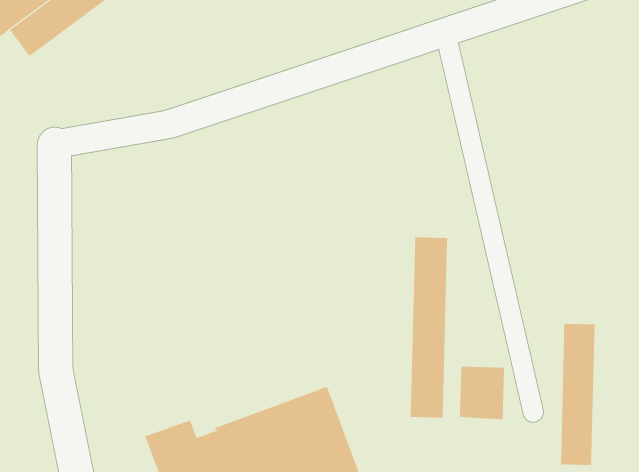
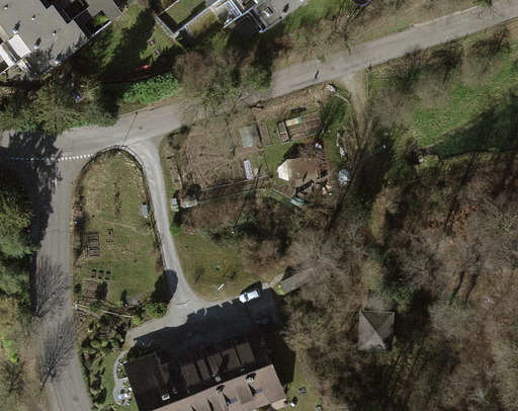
building: [410,236,448,419] -> none
building: [560,323,595,466] -> none

